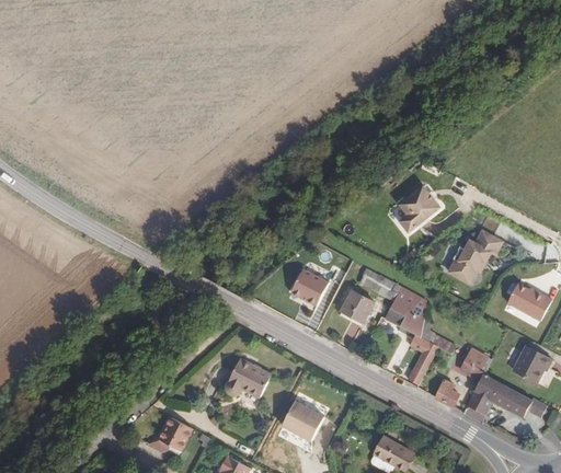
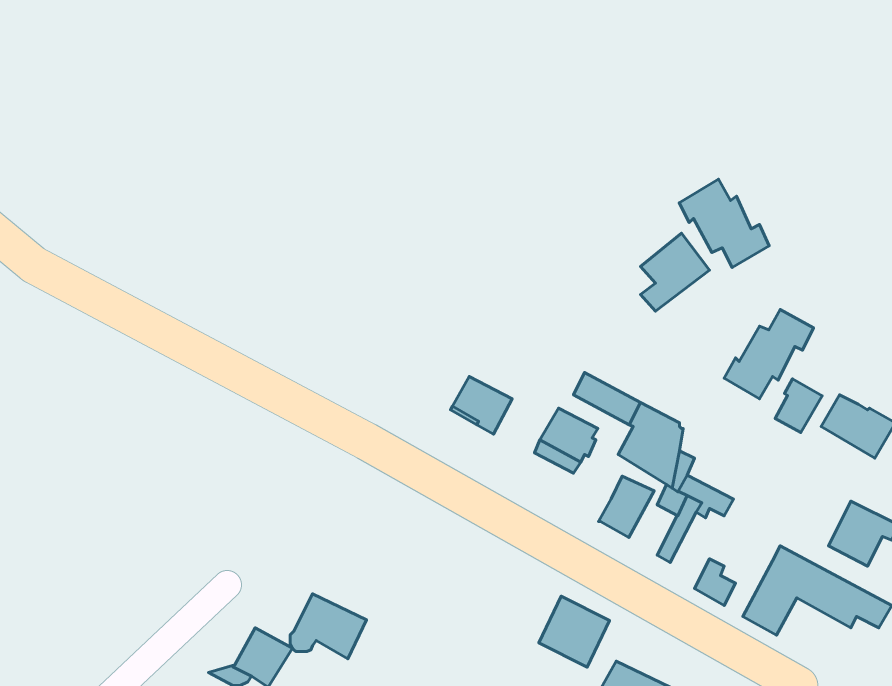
building: none -> [679,179,769,268]
building: none -> [775,379,822,433]
building: none -> [598,476,654,538]
building: [456,345,489,378] -> none
building: [226,360,271,399] -> [290,594,367,659]
building: [282,397,323,439] -> [539,596,610,667]

